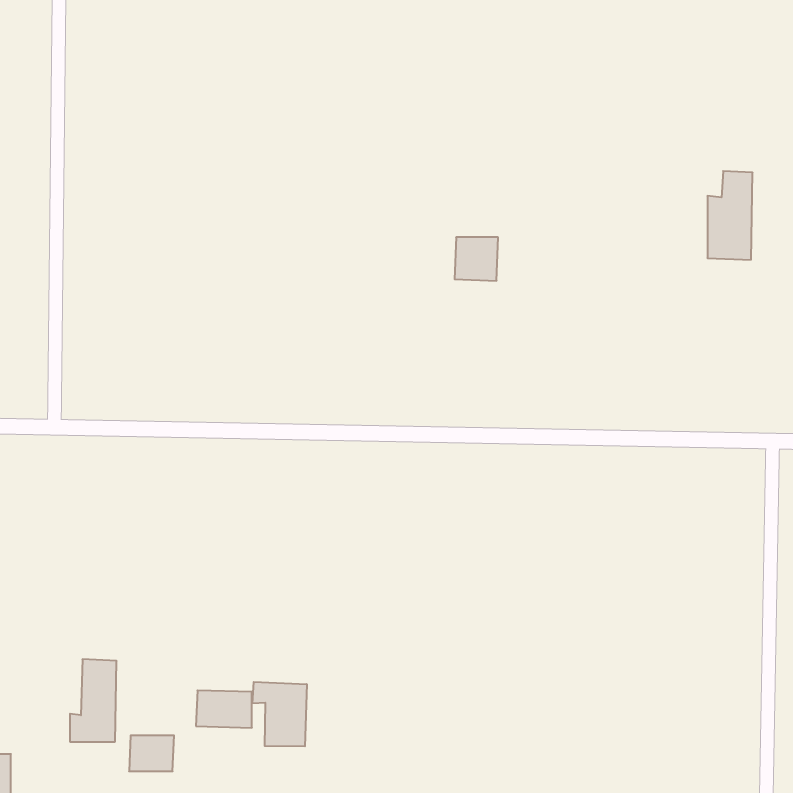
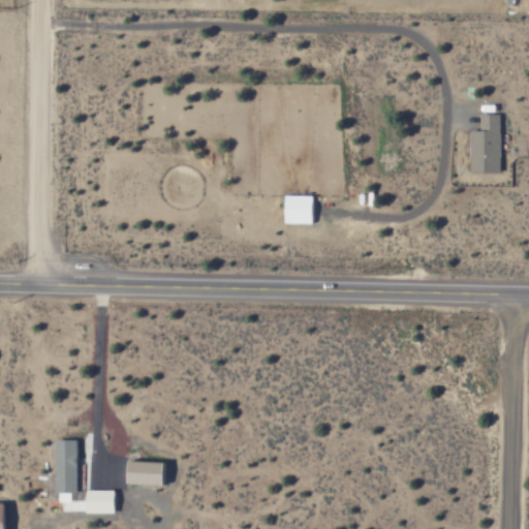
building: [455,237,498,281] -> [285,196,314,225]
building: [252,682,307,746] -> none

